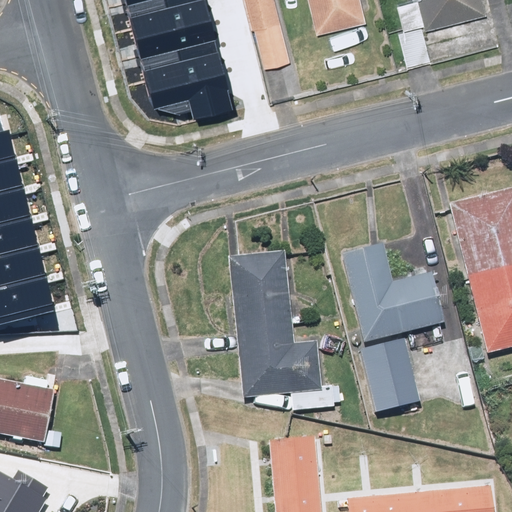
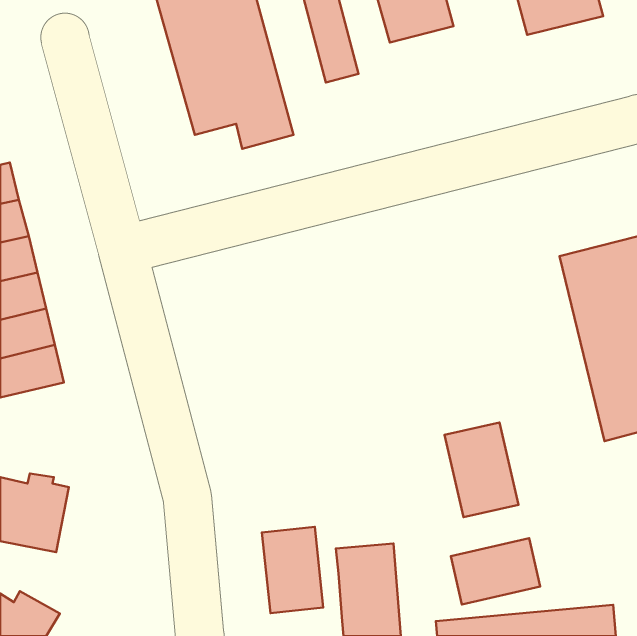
building: [340,248,443,342] -> none
building: [226,251,342,411] -> none
building: none -> [262,527,323,613]
building: none -> [451,538,540,604]

